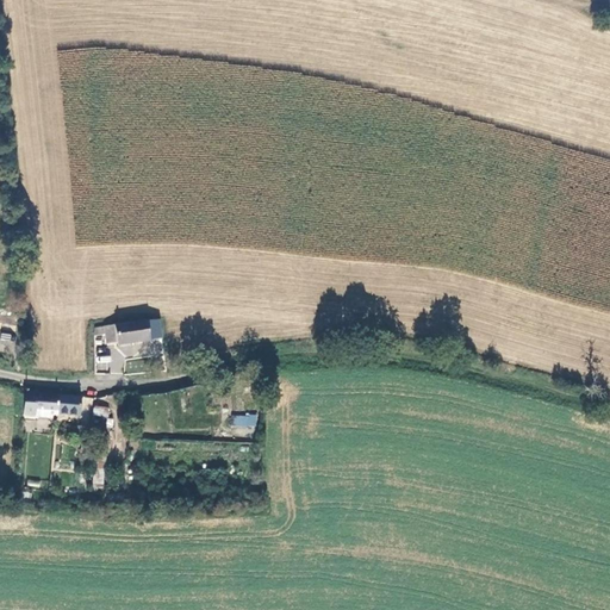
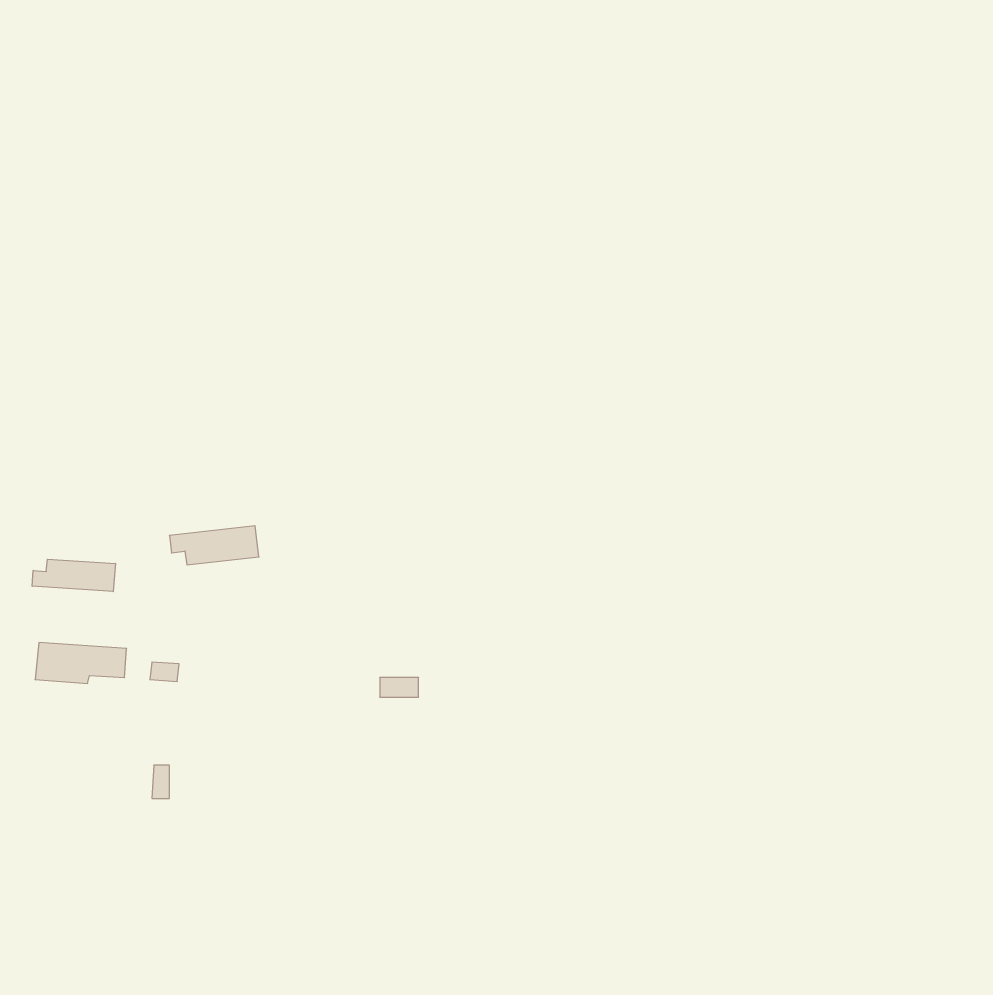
building: none -> [32,559,115,592]

